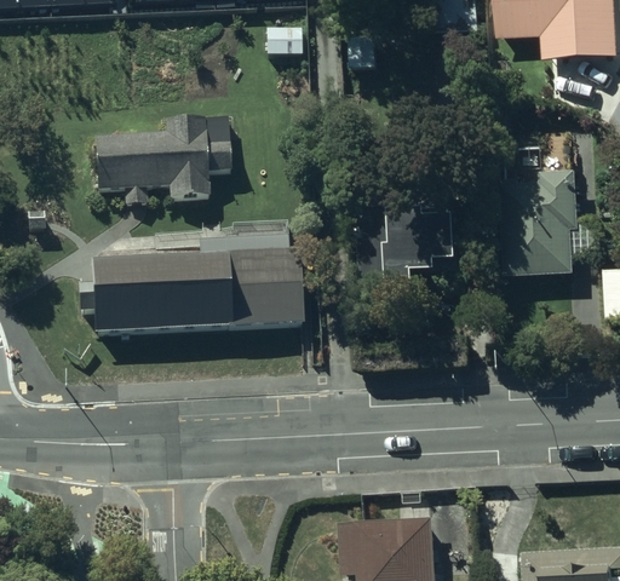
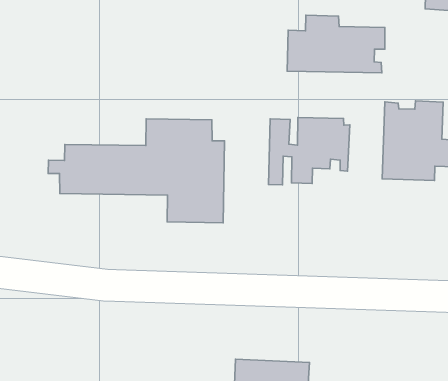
building: none -> [287,15,385,73]
building: [90,126,224,208] -> none

